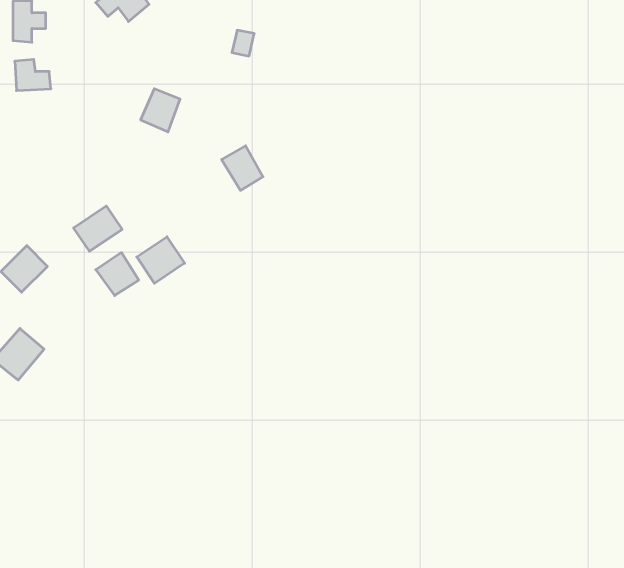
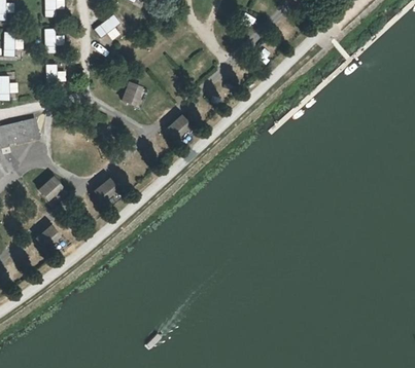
building: [74,206,122,251] -> none
building: [137,237,185,283] -> none

